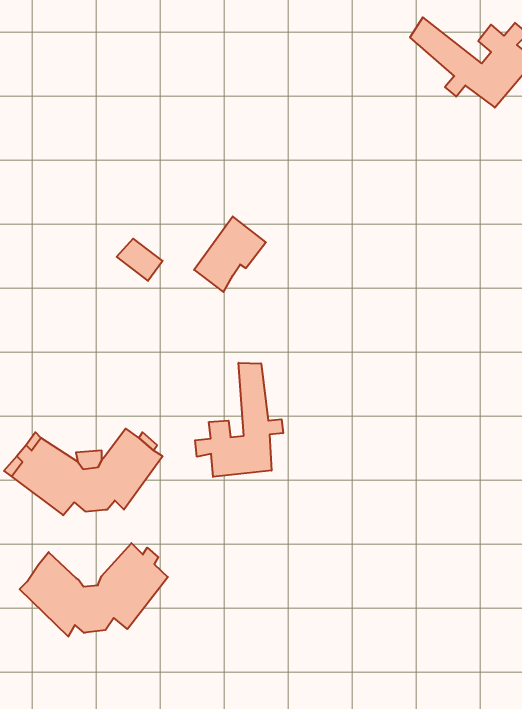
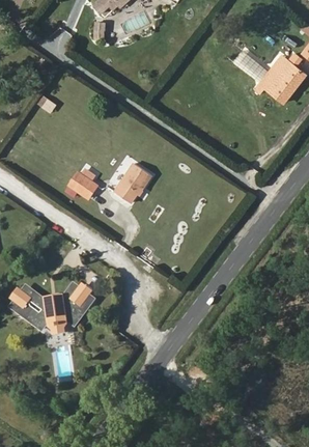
building: [195,363,283,477] -> none
building: [20,543,168,637] -> none

